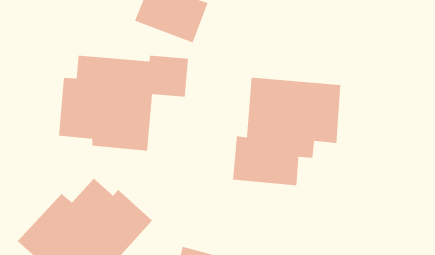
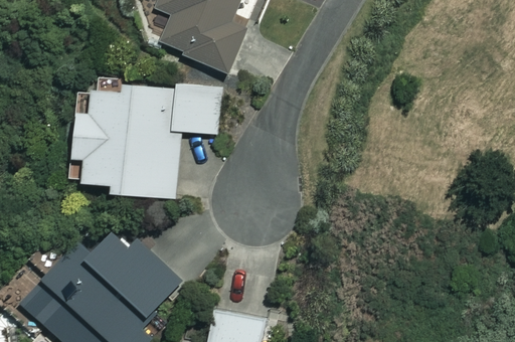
building: [232,77,341,186] -> none

